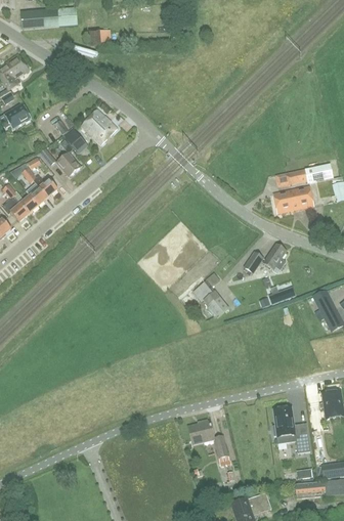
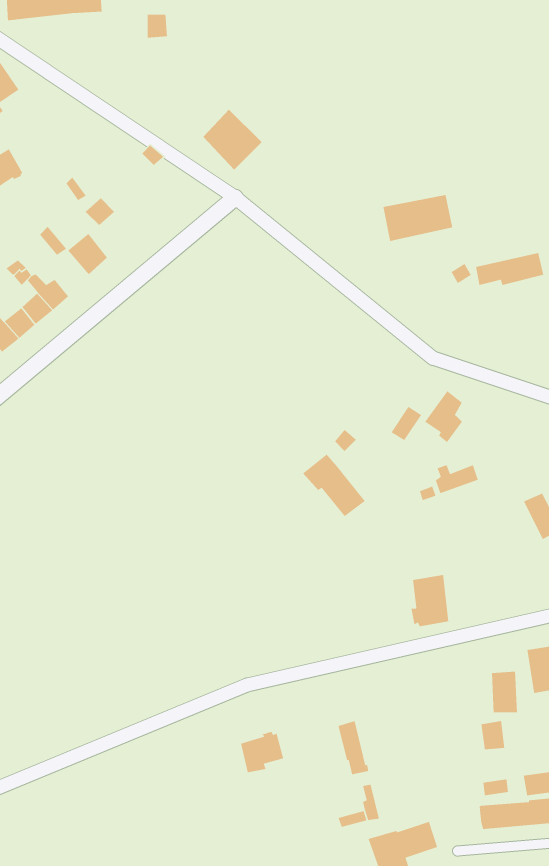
building: [81,107,116,143] -> [202,109,262,171]
building: [272,185,313,213] -> [383,194,453,242]
building: [271,405,294,436] -> [410,574,449,627]
building: [187,419,213,443] -> [240,731,284,773]

